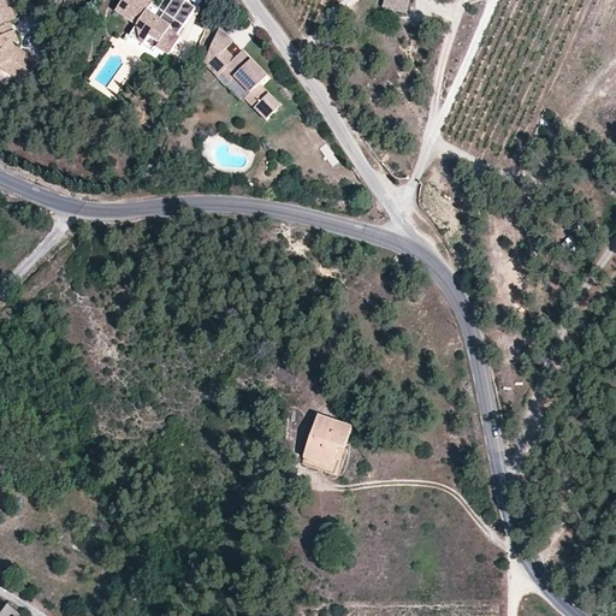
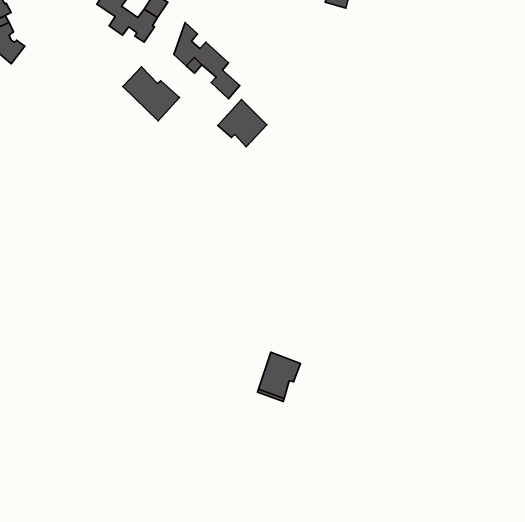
building: none -> [123,67,180,121]
building: none -> [218,99,267,147]

